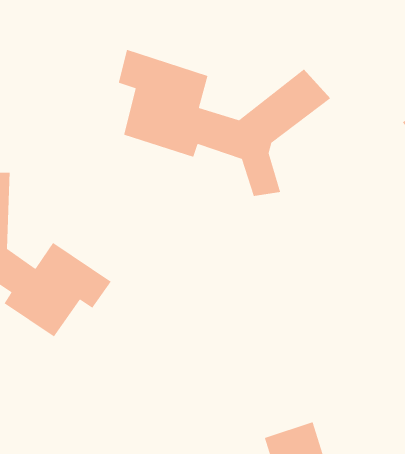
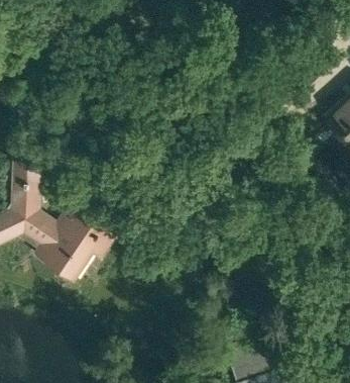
building: [118,49,331,197] -> none

